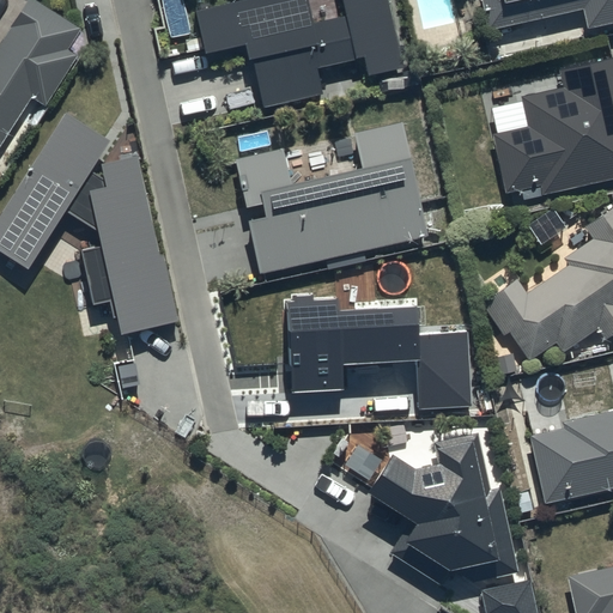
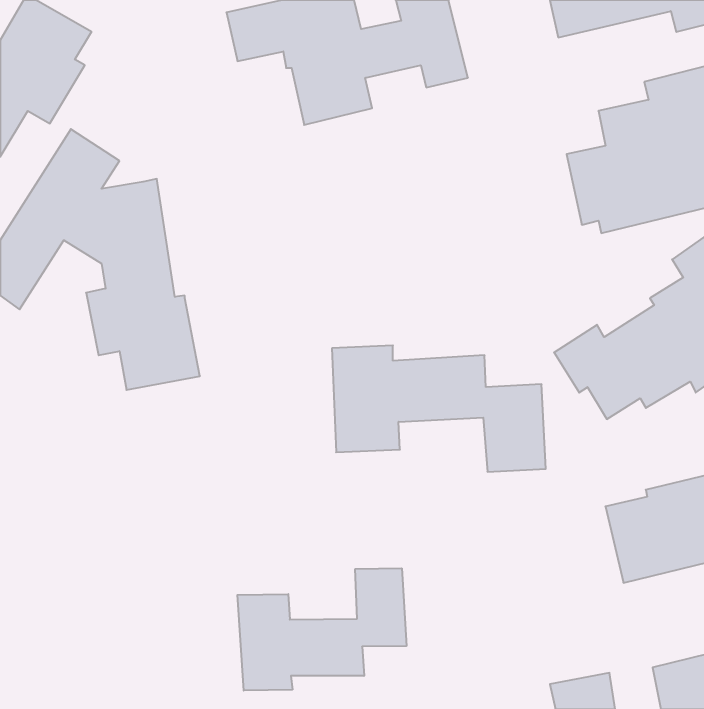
building: [232,122,429,273] -> none
building: [360,433,518,582] -> none
building: none -> [237,568,406,691]

